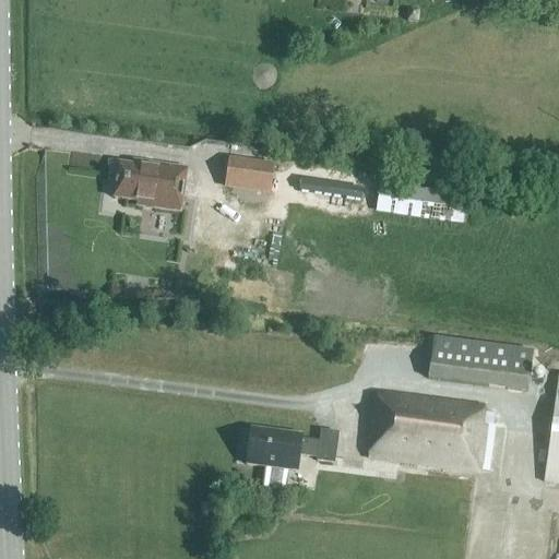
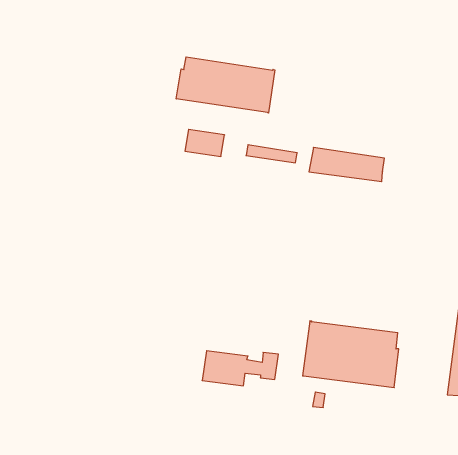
building: none -> [176,57,275,113]
building: [114,159,187,210] -> none
building: [431,337,533,390] -> none

